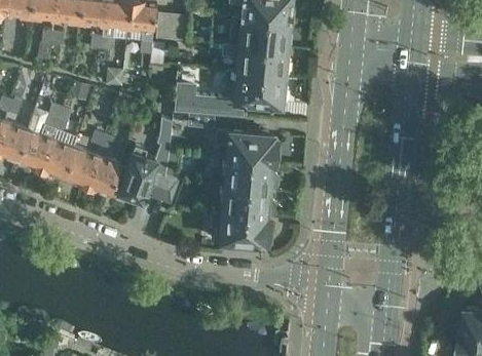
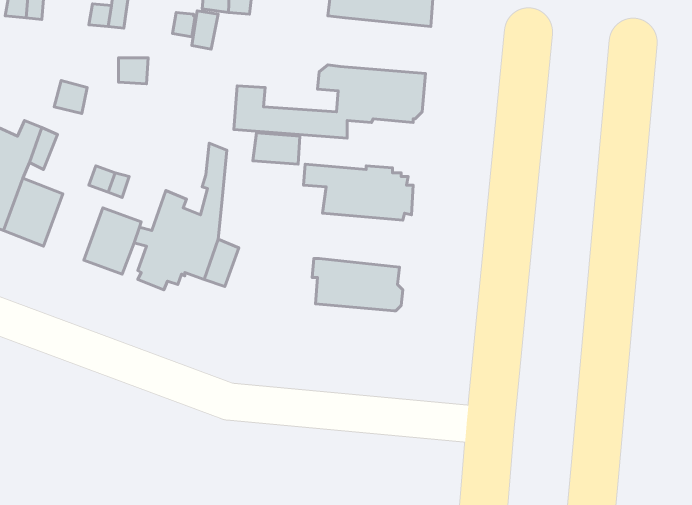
building: [236,43,290,76] -> none
building: [62,147,97,186] -> none
building: [222,158,275,190] -> none
building: [210,210,272,245] -> none

